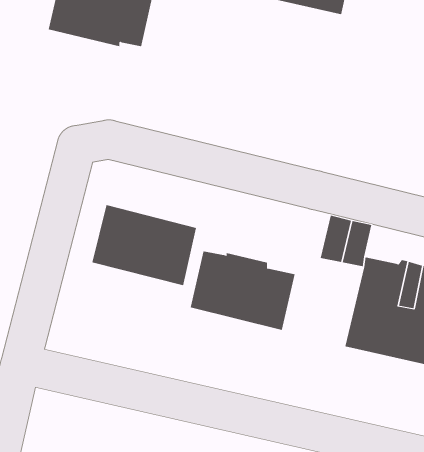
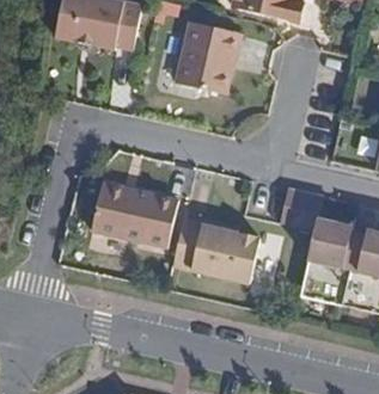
building: none -> [175,20,242,93]

